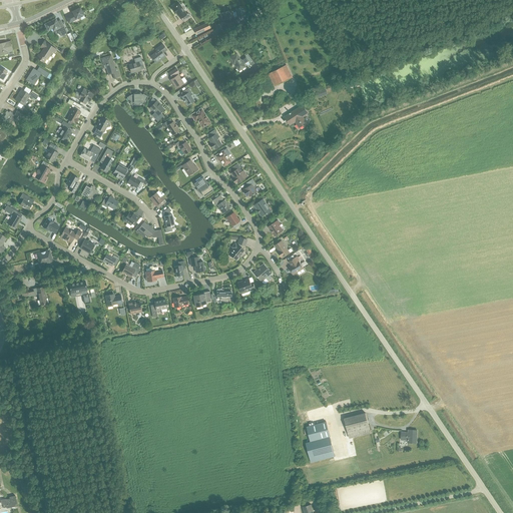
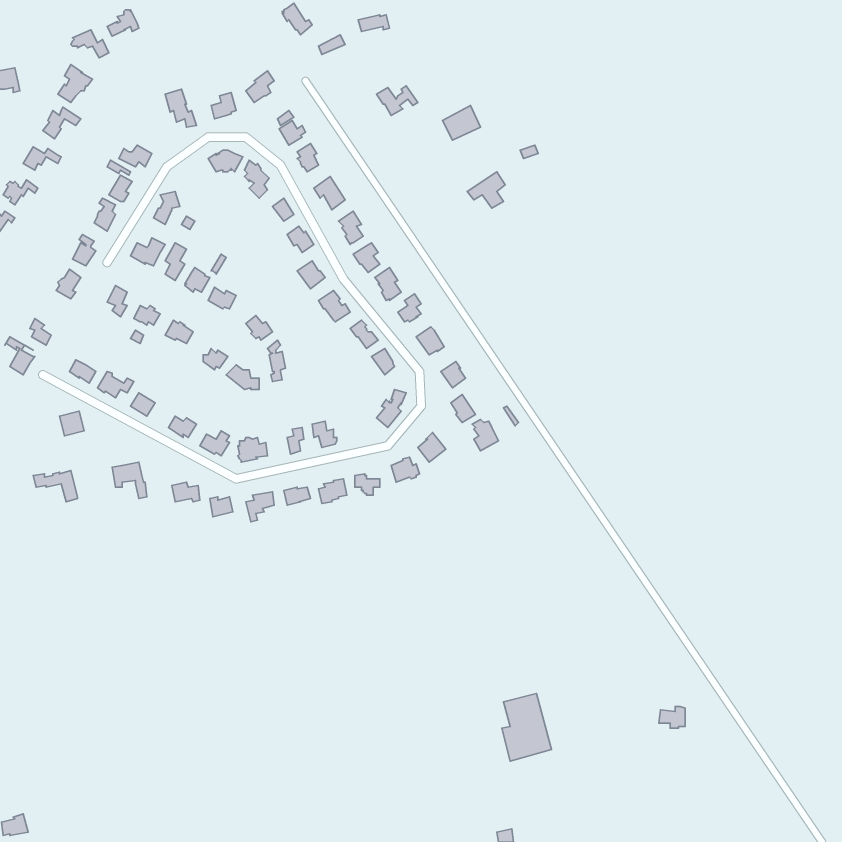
building: [343,412,370,437] -> none

